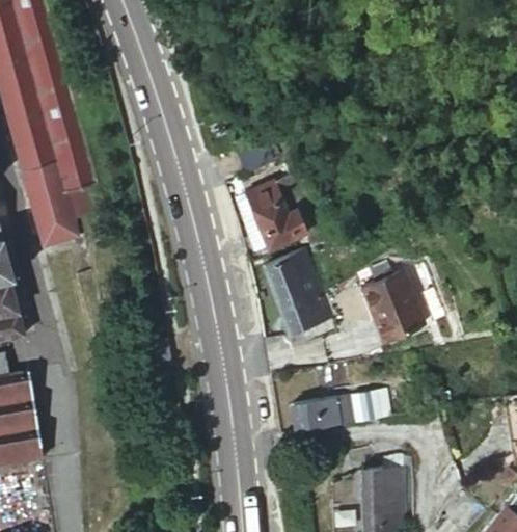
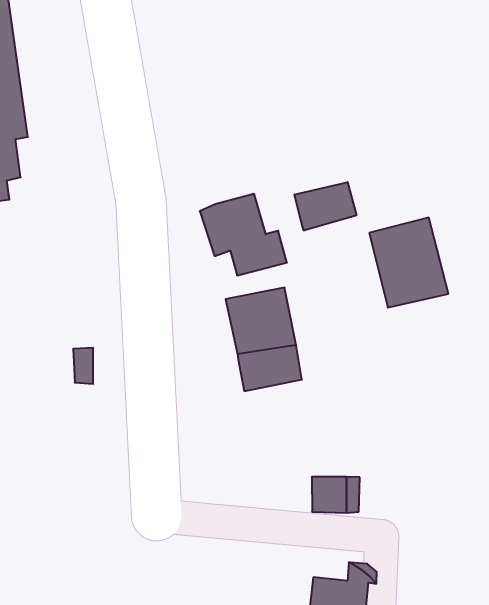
building: none -> [294,182,356,231]
building: [357,269,426,344] -> [369,218,448,308]
building: [289,396,354,432] -> none

